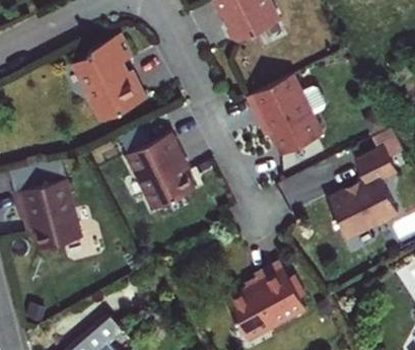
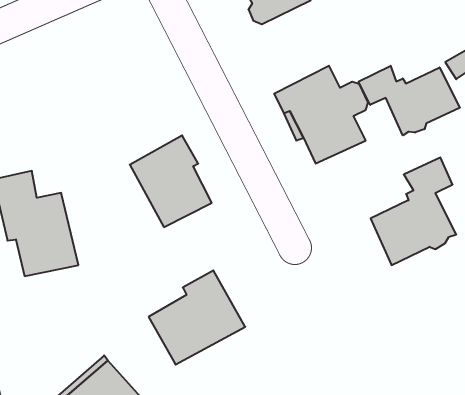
building: [70,32,145,120] -> none
building: none -> [359,66,460,135]
building: [225,264,305,342] -> [149,270,245,365]

